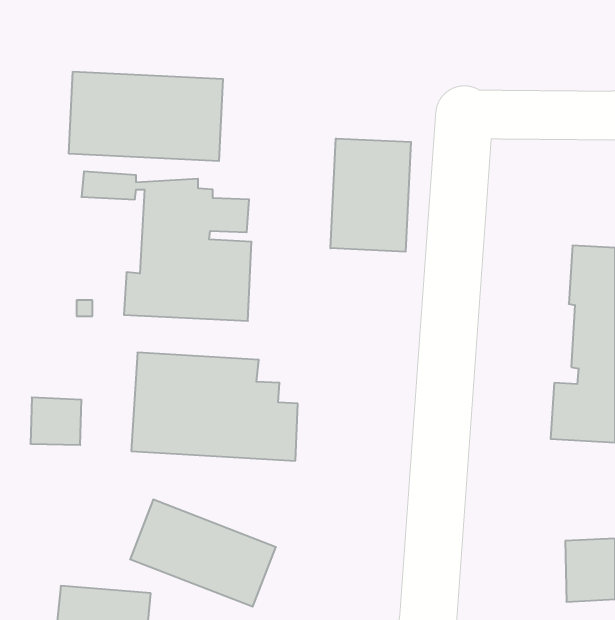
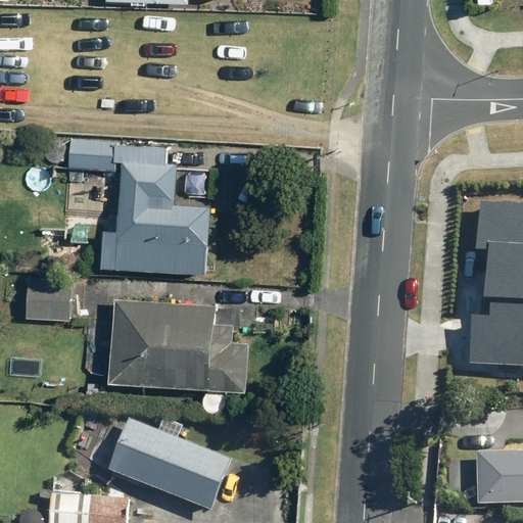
building: [69,72,223,161] -> none
building: [330,138,411,252] -> none
building: [30,397,82,445] -> [26,278,68,318]

